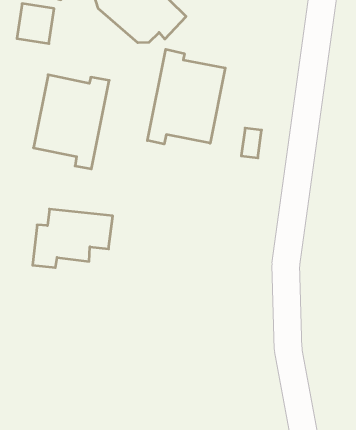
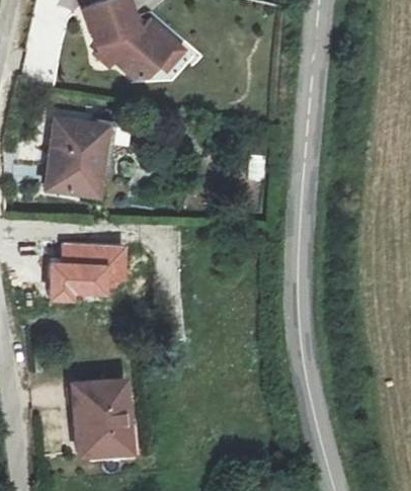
building: [147,49,225,144] -> none
building: none -> [72,379,130,456]

